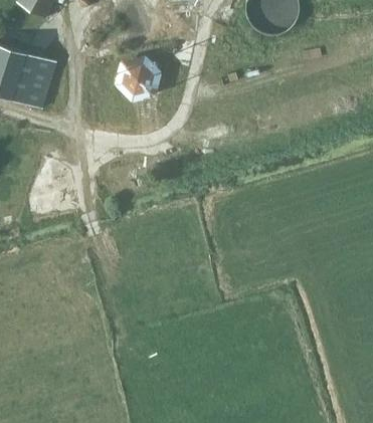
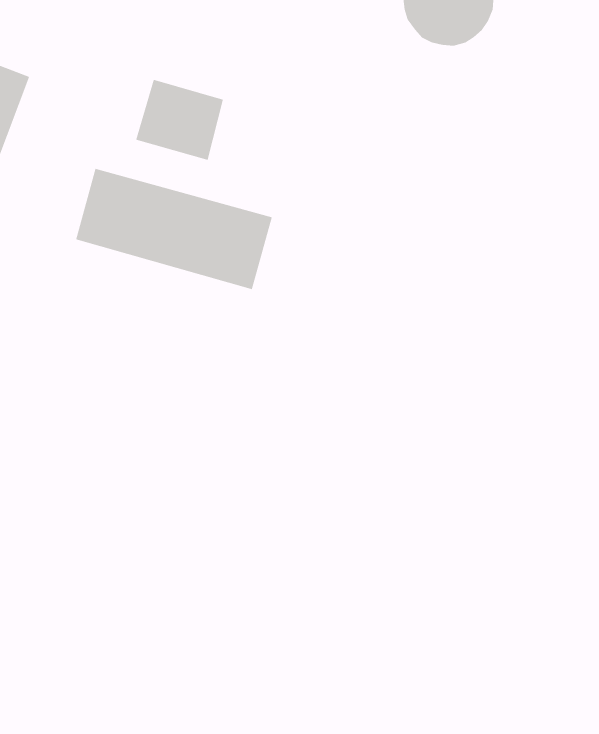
building: none -> [75,168,273,290]

